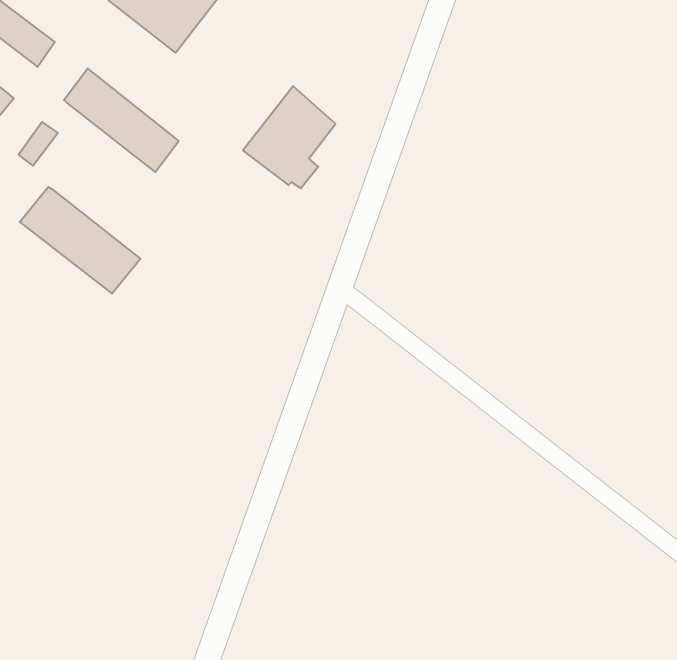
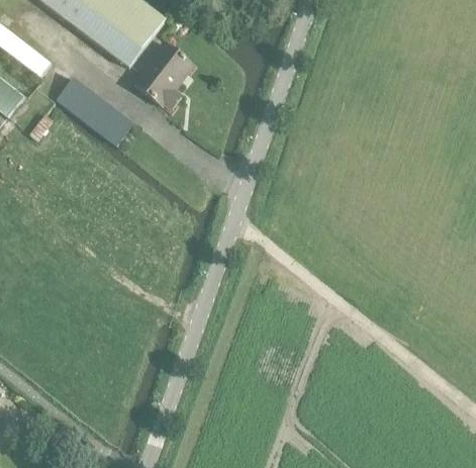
building: [243,86,335,188] -> [131,43,191,109]
building: [20,187,141,294] -> none

